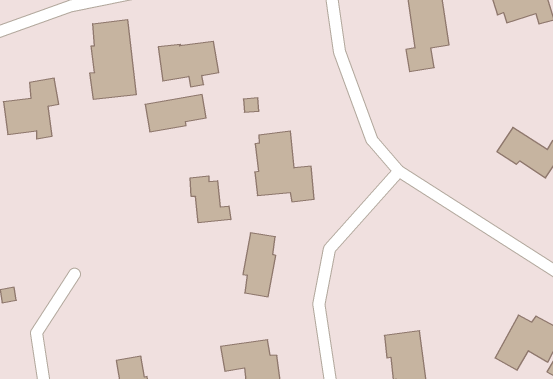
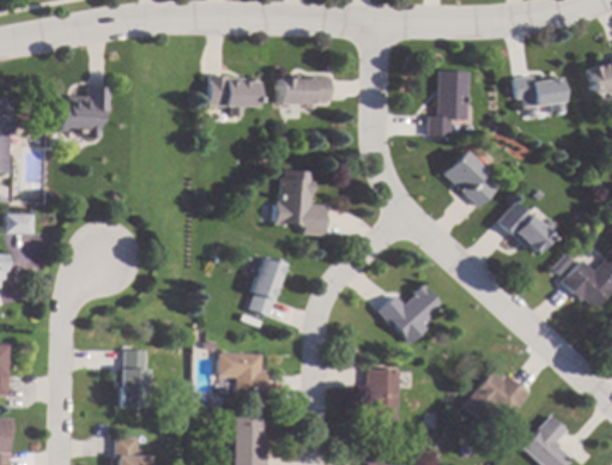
building: [90,20,136,99] -> none
building: none -> [443,150,501,206]
building: [145,95,206,132] -> [279,77,332,102]
building: [190,176,231,223] -> none
building: none -> [378,285,441,343]

